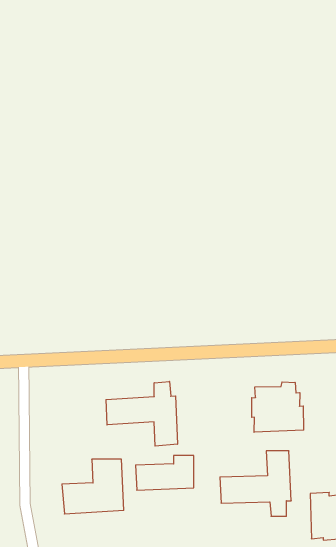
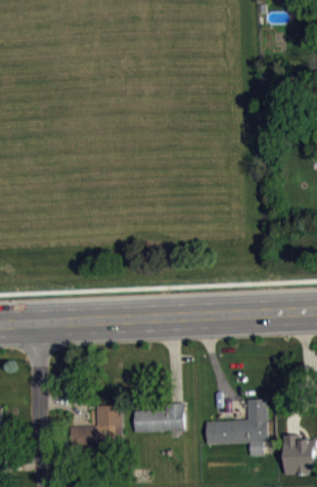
building: [106,381,177,446] -> none
building: [252,382,304,432] -> none

